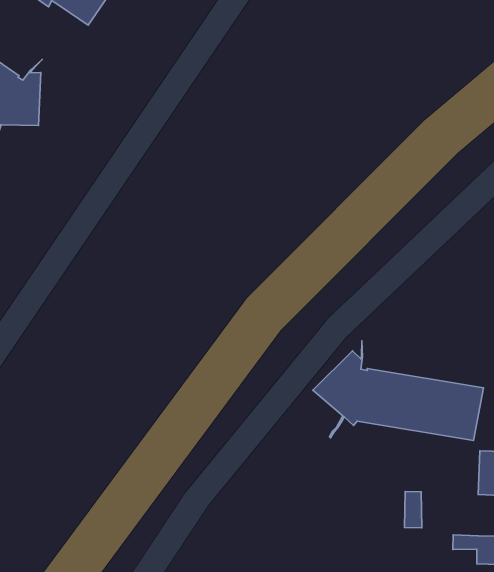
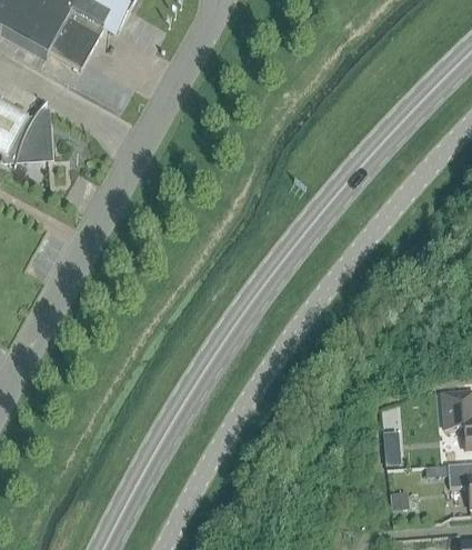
building: [313,341,484,441] -> none

